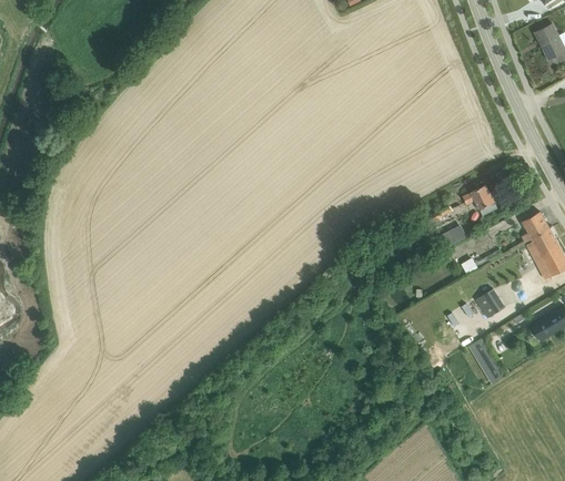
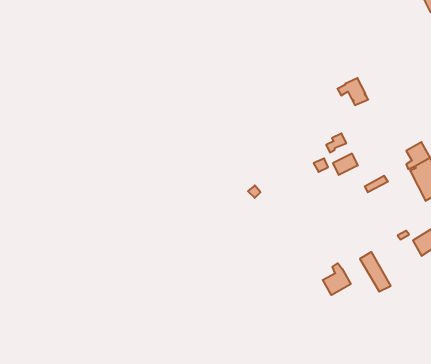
building: [462,184,497,215] -> [337,78,368,105]
building: [475,287,503,317] -> none
building: none -> [323,263,351,295]

